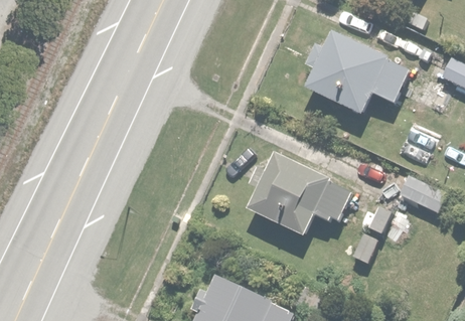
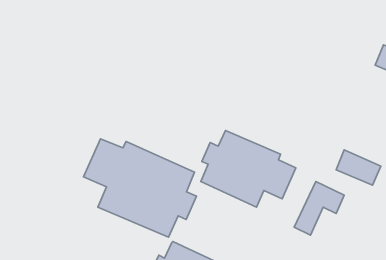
building: [305,33,408,114] -> none
building: none -> [84,139,197,237]

